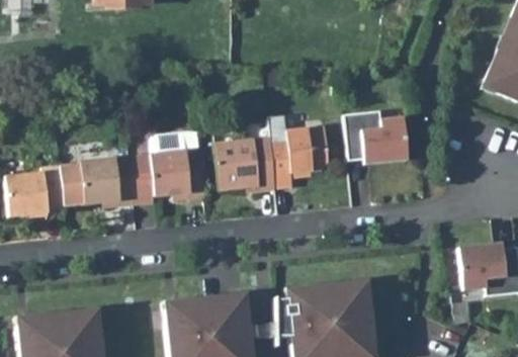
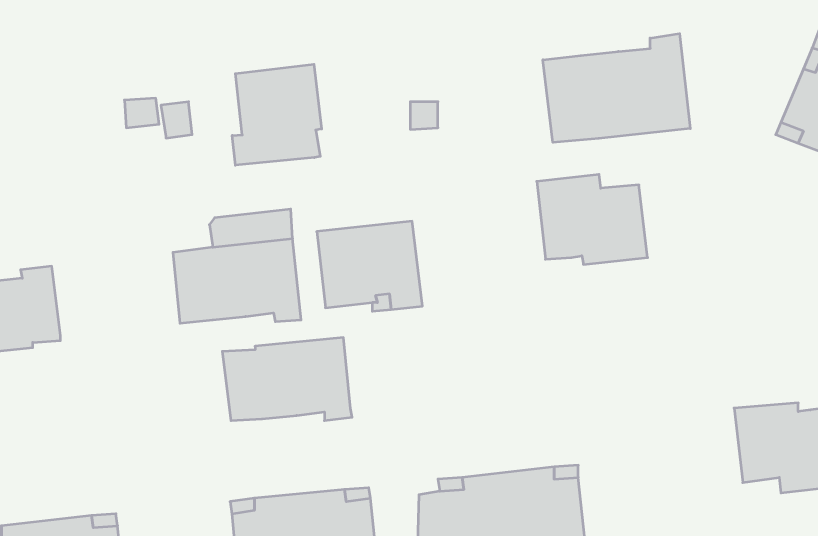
building: none -> [543,34,690,142]
building: none -> [232,64,322,165]
building: [270,120,330,187] -> none
building: [61,156,137,204] -> [222,338,352,421]

